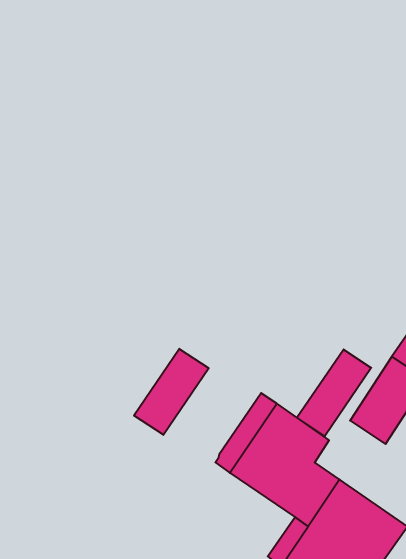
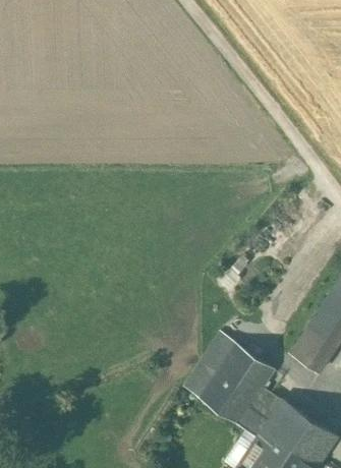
building: [134,349,209,435] -> none
building: [297,349,371,436] -> none

